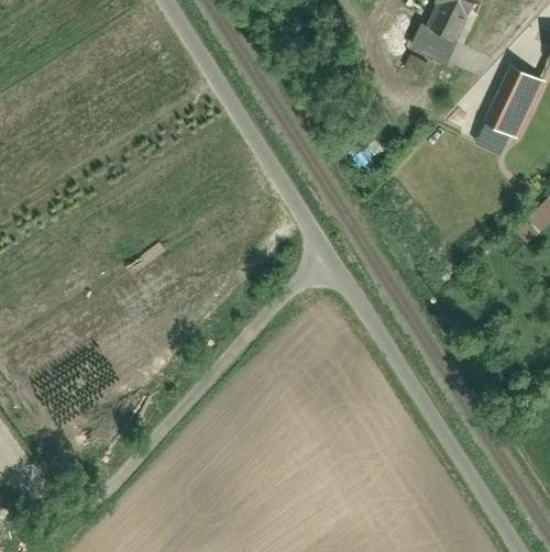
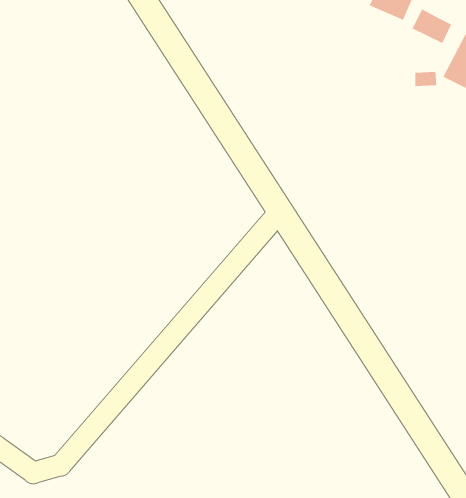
building: none -> [412,9,452,44]

